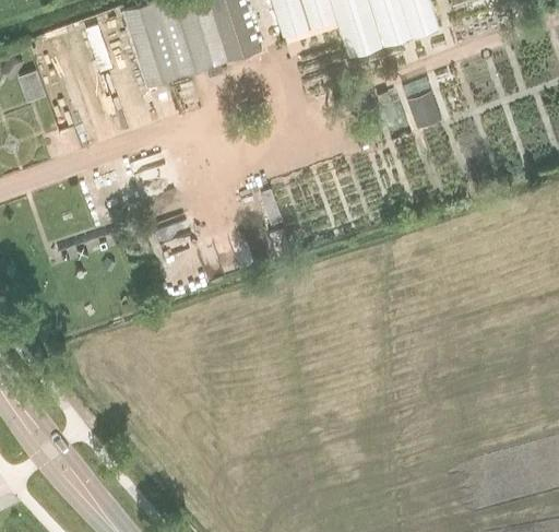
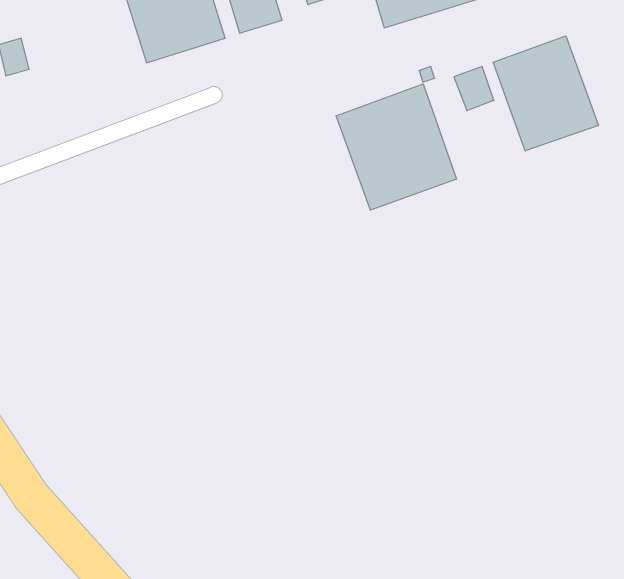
building: none -> [493,36,598,151]
building: none -> [336,84,456,210]

